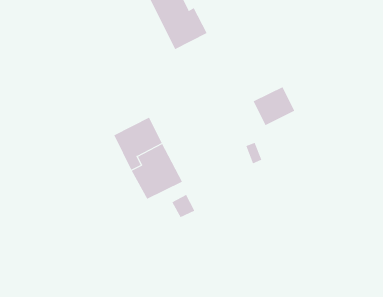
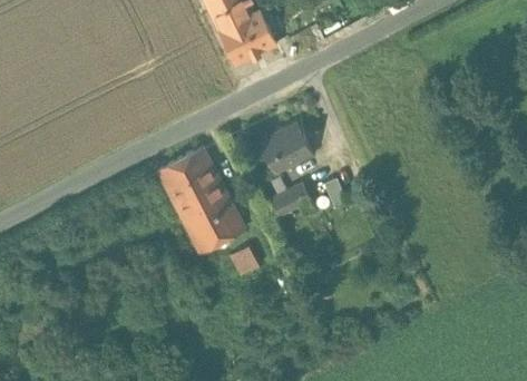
building: [253,86,295,126] -> [260,125,313,175]
building: none -> [271,185,311,217]

